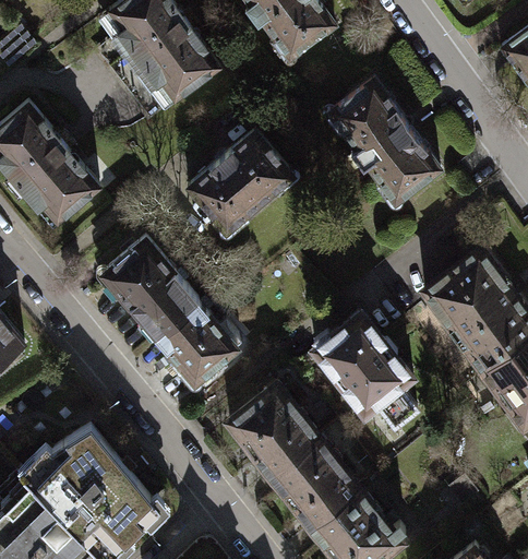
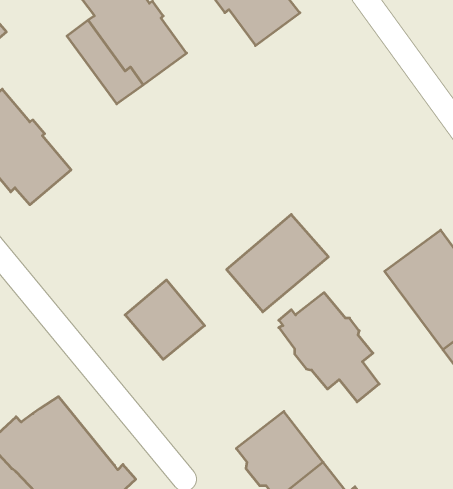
building: [329,80,442,204] -> none
building: [189,132,293,233] -> [227,214,328,312]
building: [104,239,199,337] -> none
building: [228,383,320,475] -> none

